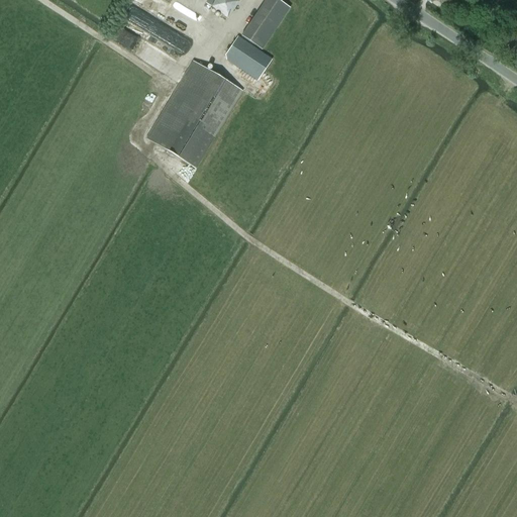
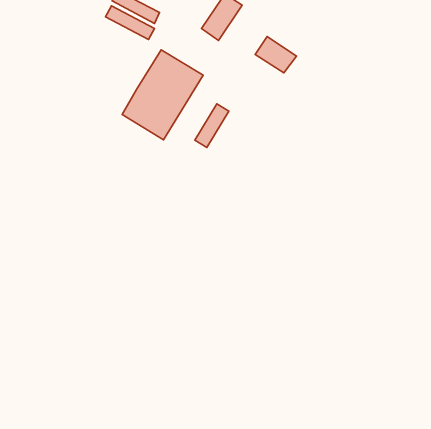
building: [223,35,273,79] -> [255,37,297,73]
building: none -> [195,104,229,147]

